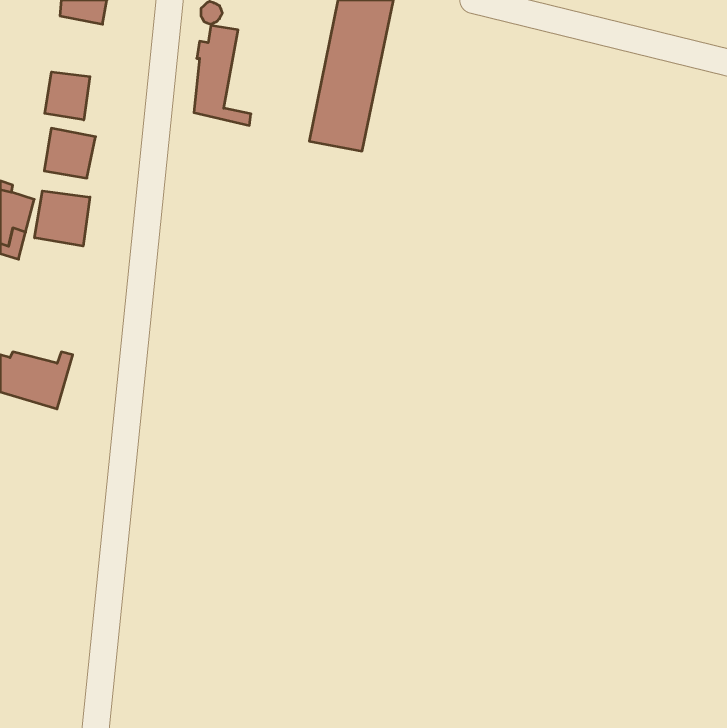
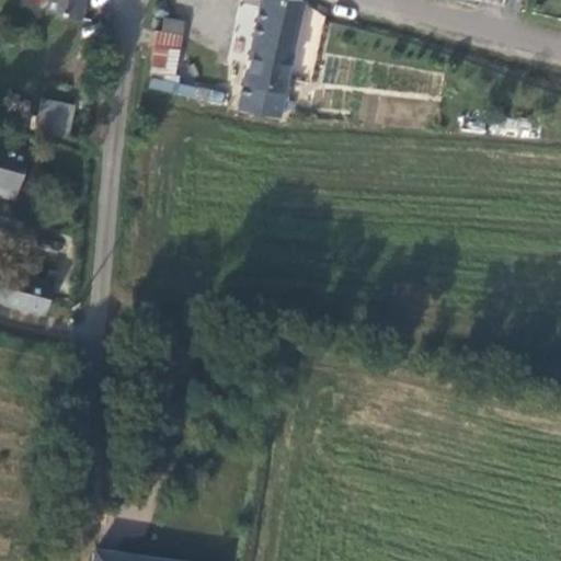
building: [45,72,90,120] -> none
building: [35,191,90,246] -> none

